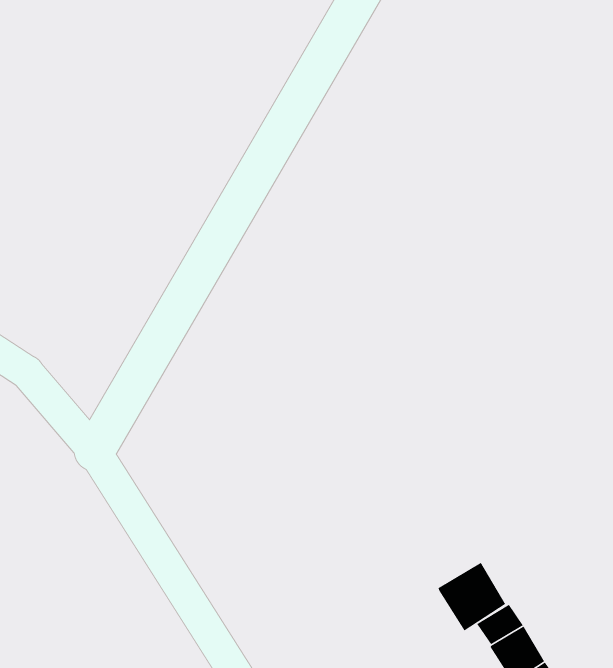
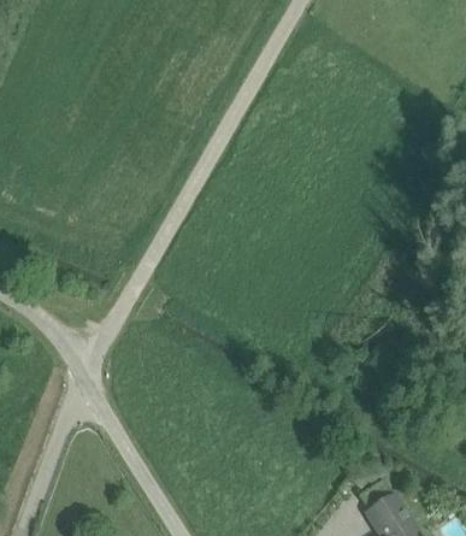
building: [437,562,506,631] -> none

